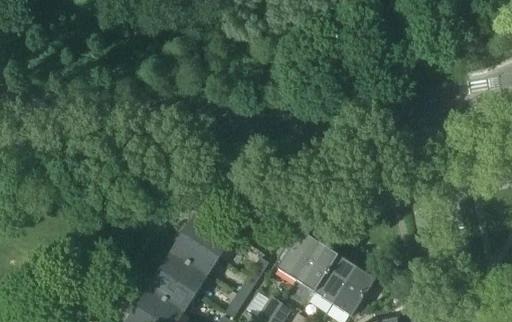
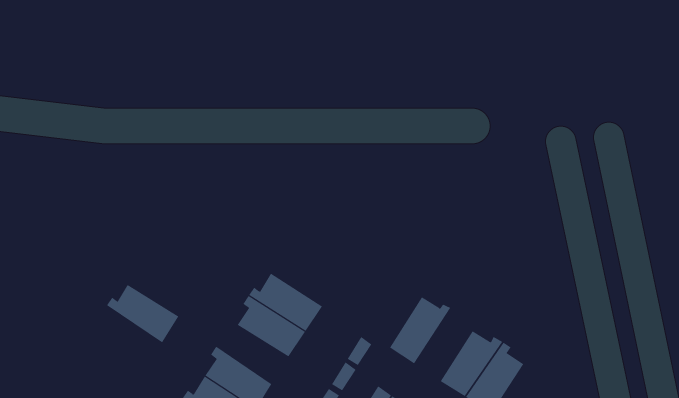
building: [295,240,336,292] -> none
building: [154,252,206,294] -> [106,284,179,343]

